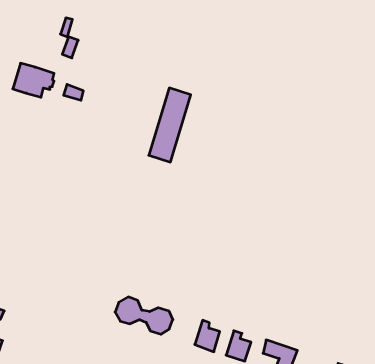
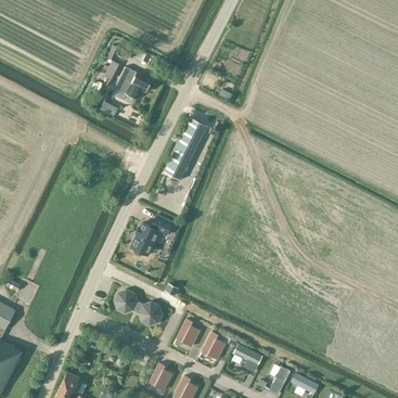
building: [13,63,54,97] -> [115,67,152,99]
building: none -> [130,216,172,257]

